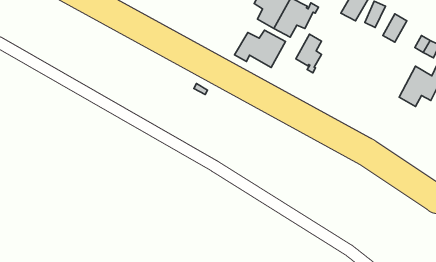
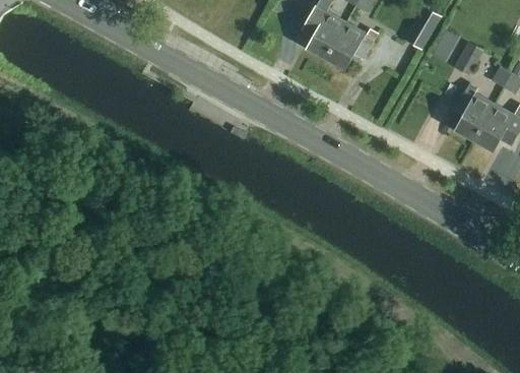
building: [235,30,286,67] -> none
building: [296,34,322,73] -> none
building: none -> [455,83,495,140]

